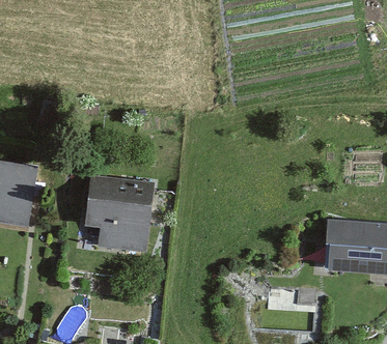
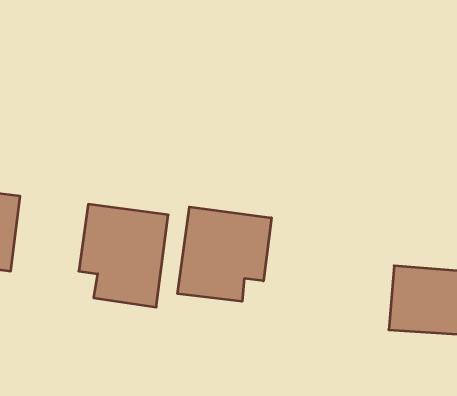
building: none -> [178,207,271,301]

